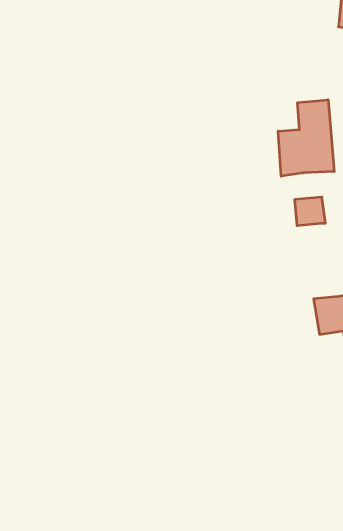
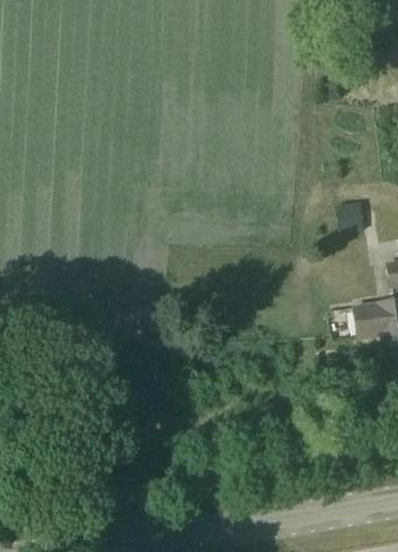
building: [278,100,334,176] -> none

